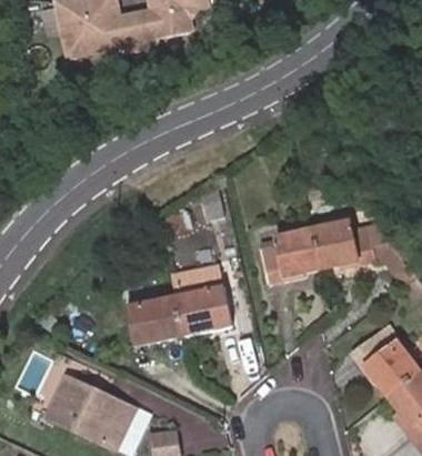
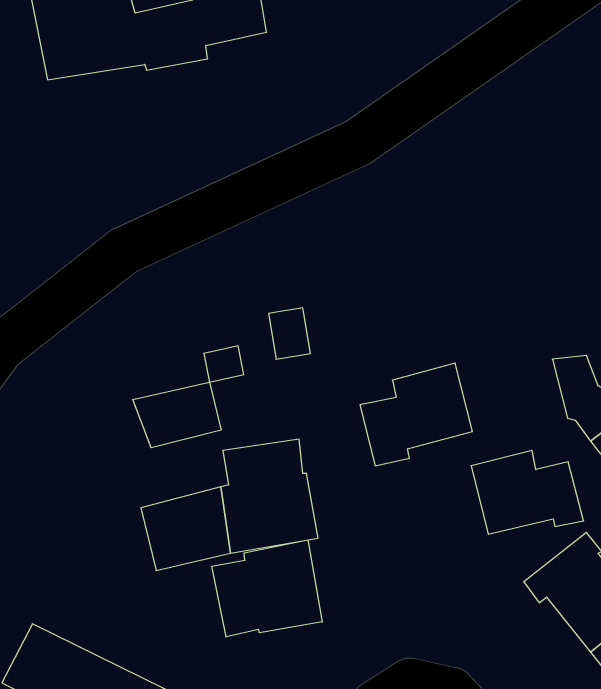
building: [308,215,373,264] -> [471,450,584,534]
building: none -> [133,382,221,448]
building: none -> [212,540,322,637]

